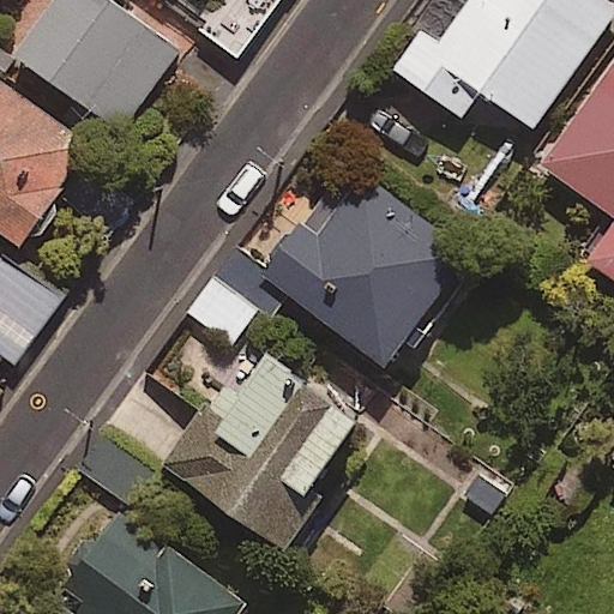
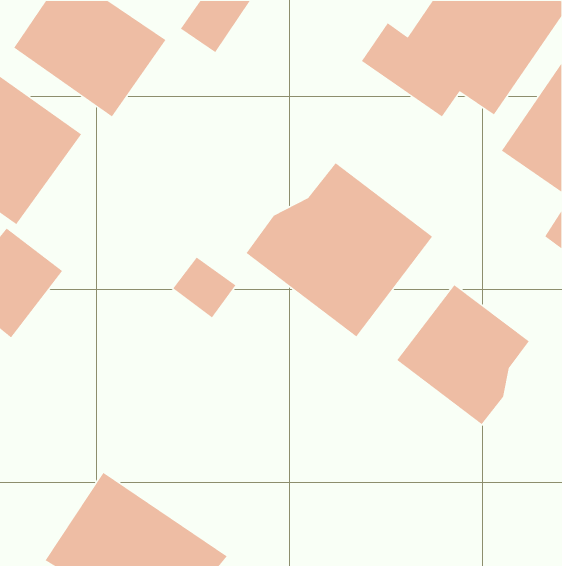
building: none -> [396,284,530,425]
building: [171,347,360,544] -> none

